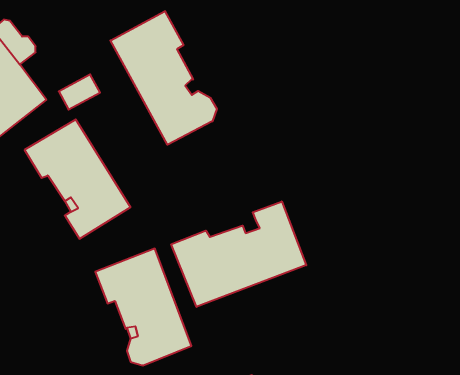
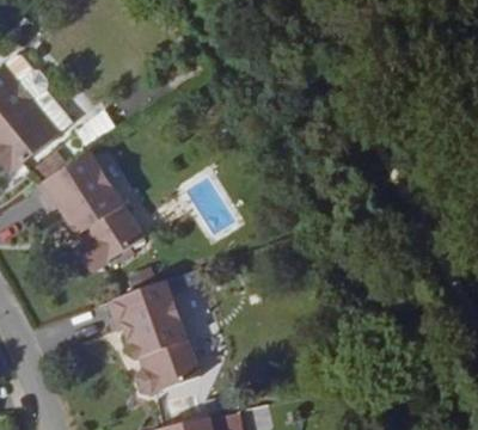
building: [110,11,217,145] -> none
building: [171,201,306,307] -> none

